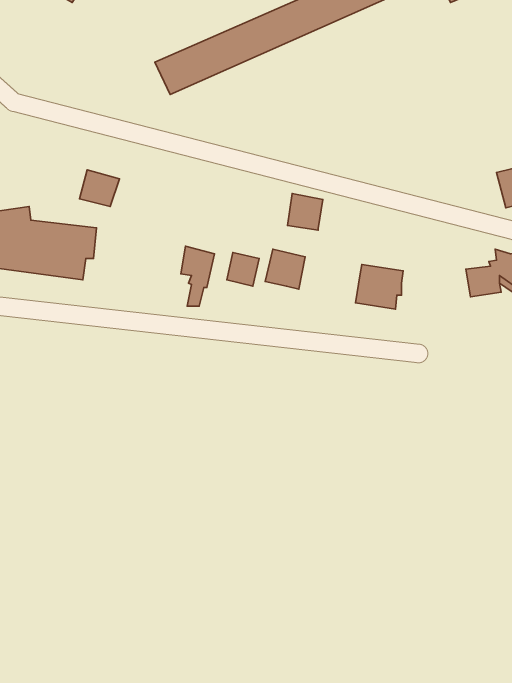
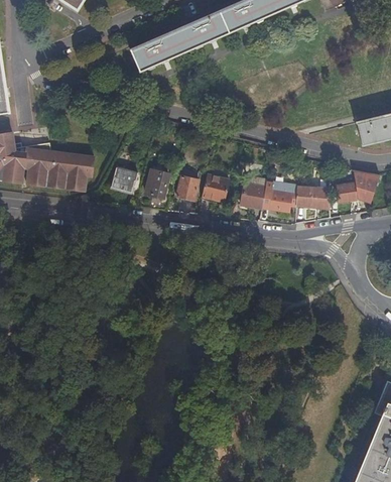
building: [80,170,119,207] -> [111,168,137,193]
building: [287,193,323,230] -> [242,185,265,209]
building: none -> [295,188,330,208]

